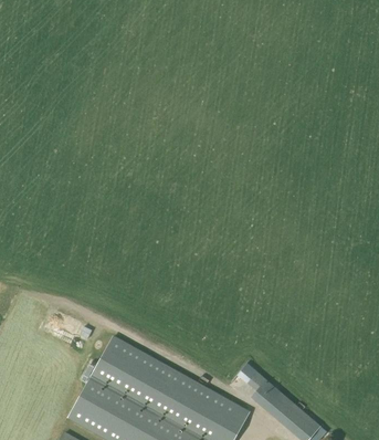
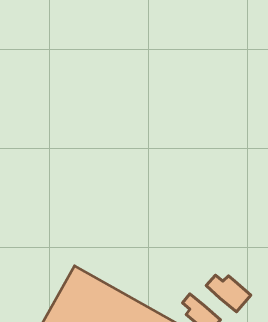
building: none -> [206,275,251,312]

